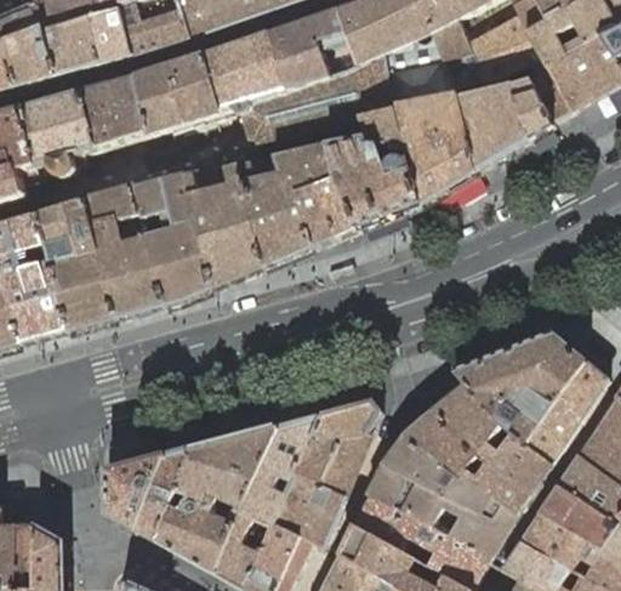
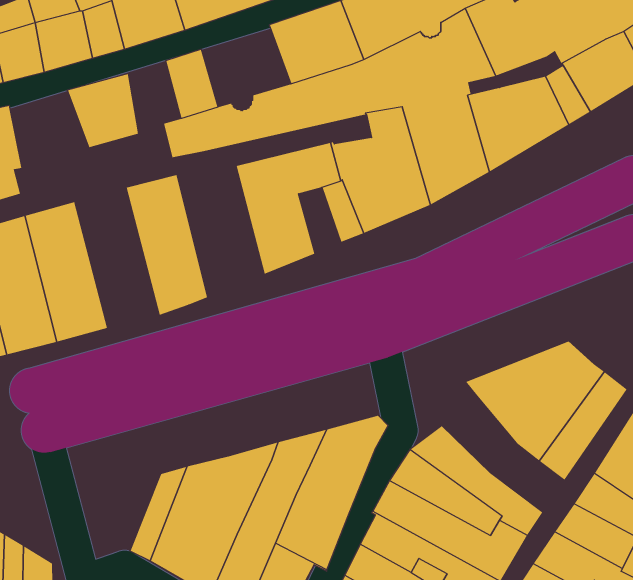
building: [207,28,292,109] -> none
building: [138,62,188,160] -> none
building: [25,90,101,172] -> none
building: [184,161,267,286] -> none
building: [87,182,167,316] -> none
building: [300,182,340,245] -> none
building: [425,366,552,490] -> none
building: [110,454,169,527] -> none

